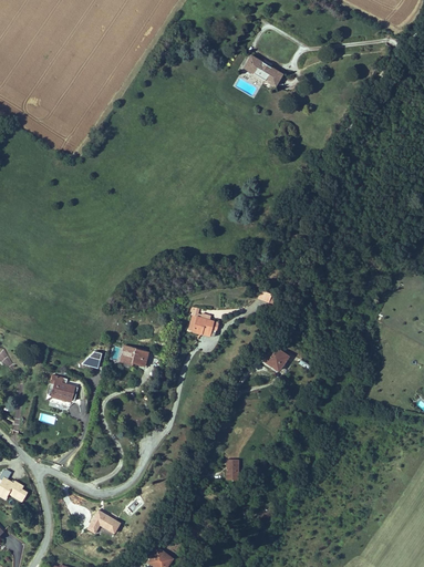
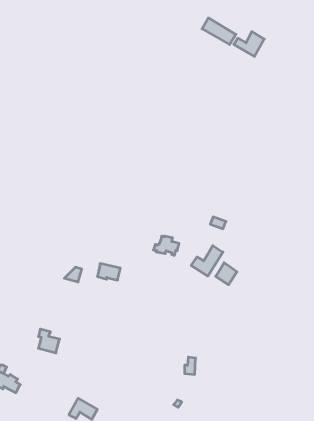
building: none -> [234,32,264,56]
building: none -> [191,246,223,276]
building: [49,374,74,403] -> [38,329,60,353]

